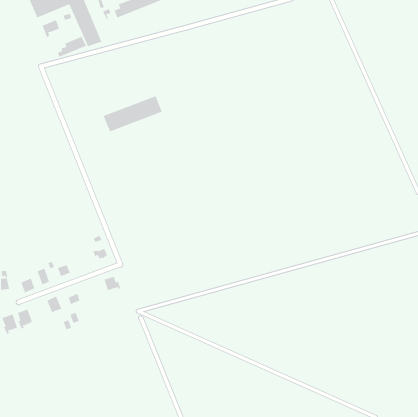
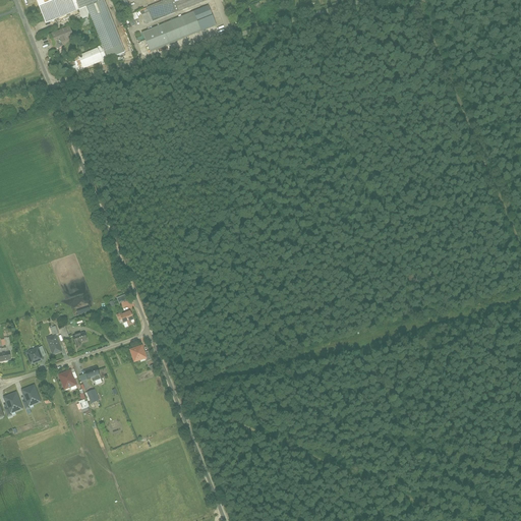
building: [103,95,163,132] -> [141,4,216,50]

